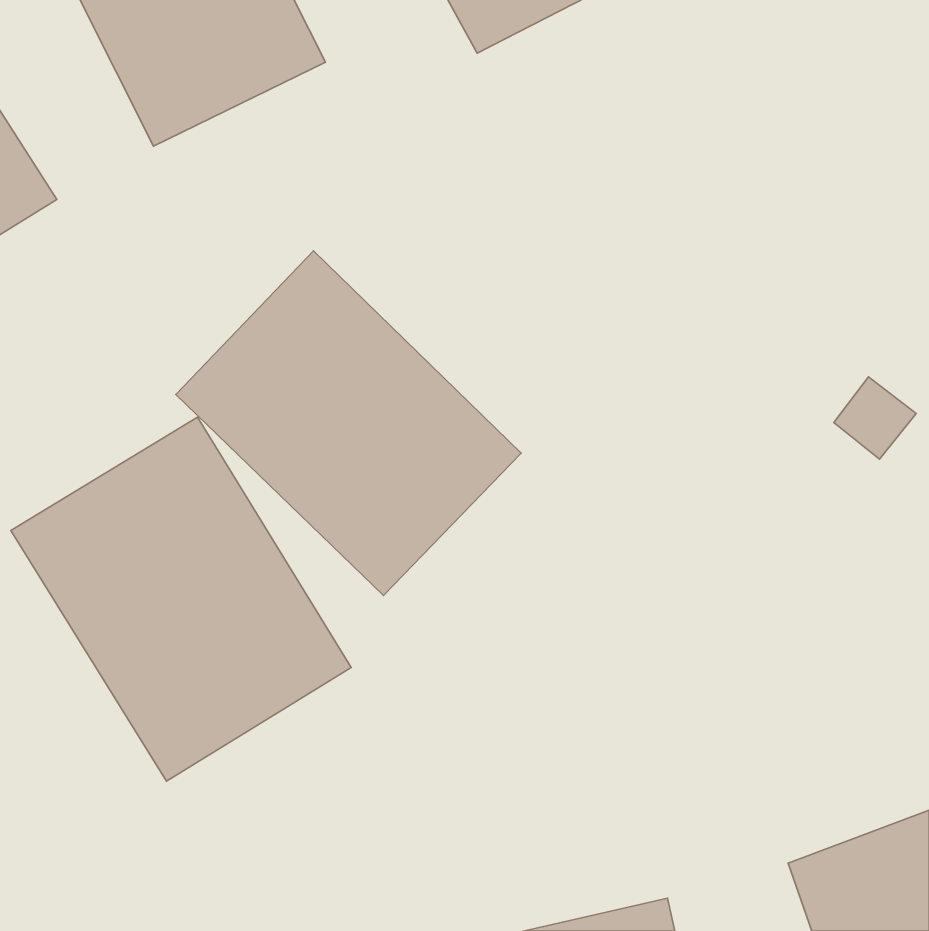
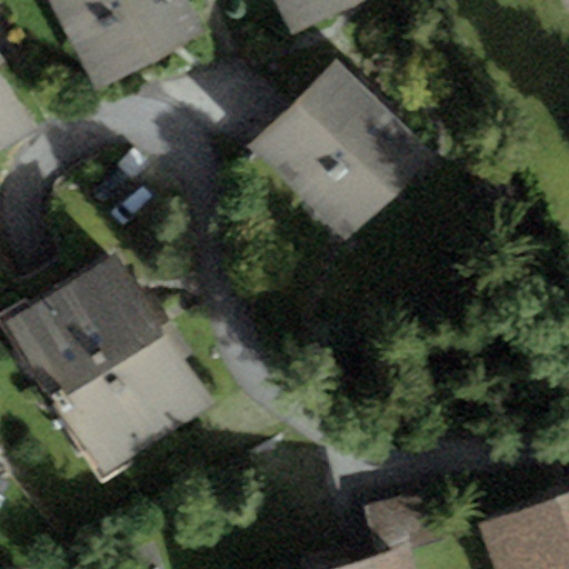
building: none -> [249,62,430,242]
building: [176,251,521,595] -> none

